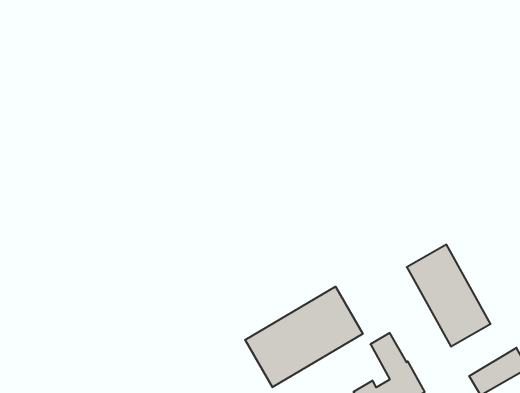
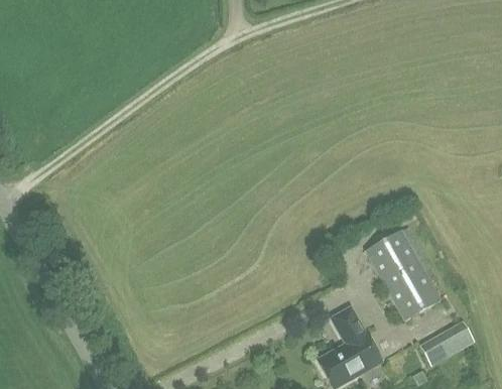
building: [245,287,363,387] -> none

